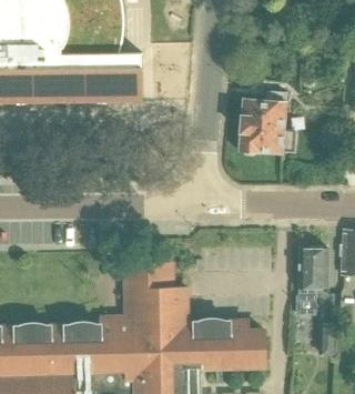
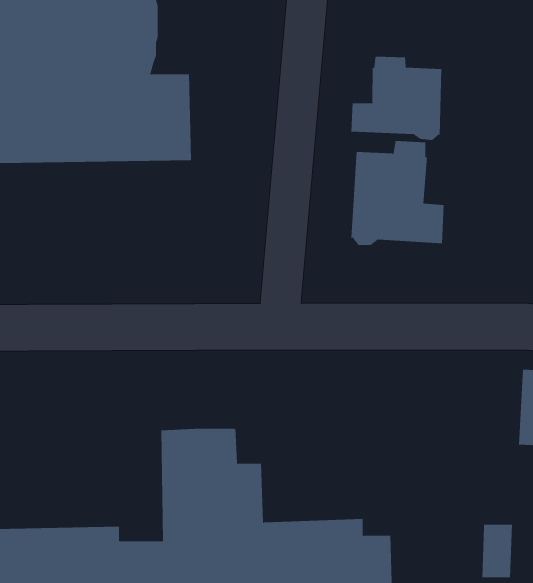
building: none -> [351,56,442,141]
building: [291,247,328,351] -> none

